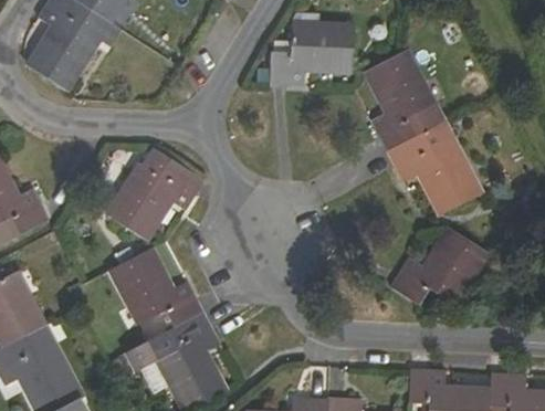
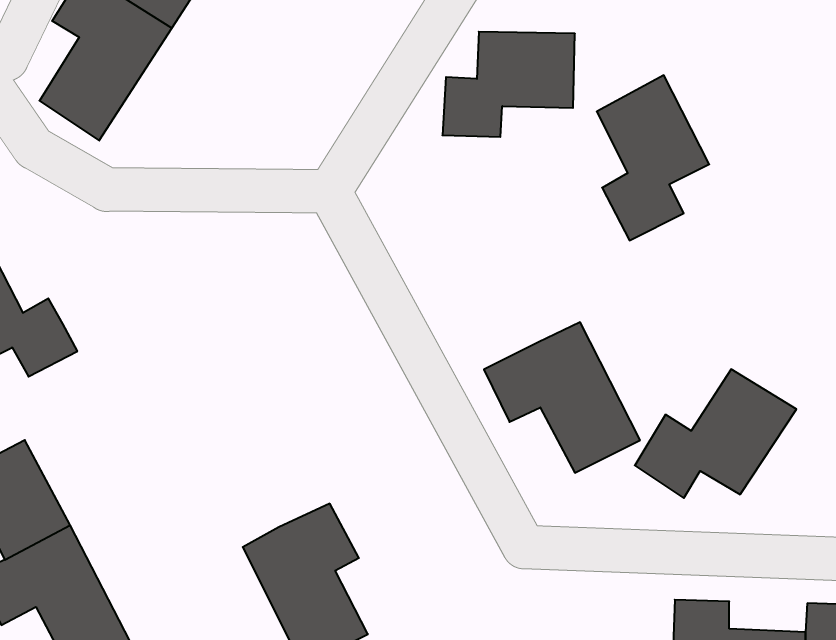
building: [385,122,480,213] -> [484,322,640,473]
building: [108,146,203,238] -> none
building: [112,247,202,325] -> none

